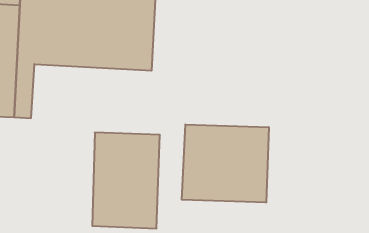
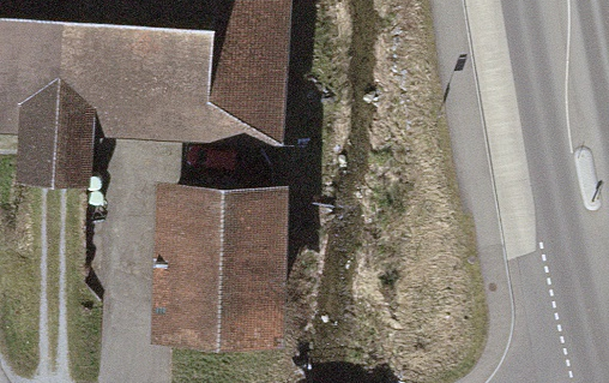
building: [182,124,269,203] -> none

